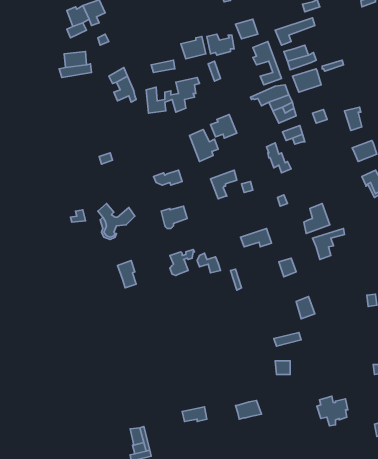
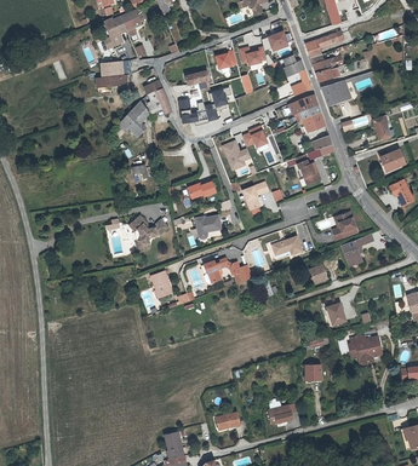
building: none -> [116,102,149,137]
building: [317,396,348,426] -> [349,335,379,364]

